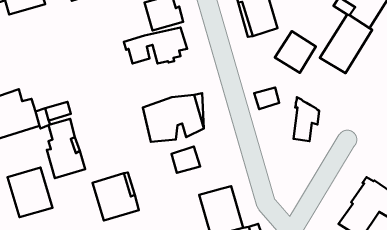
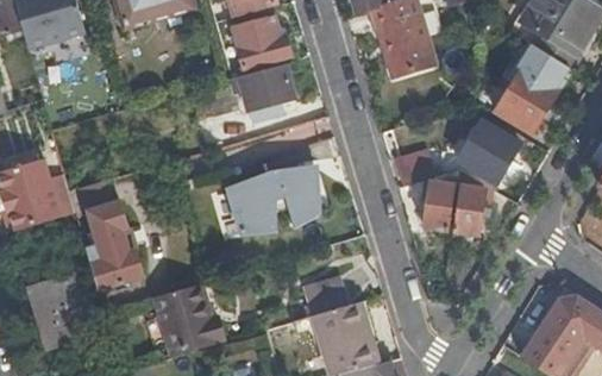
building: [275,31,316,73] -> [457,120,518,182]
building: none -> [422,180,452,231]
building: [171,147,200,173] -> [305,275,347,314]

